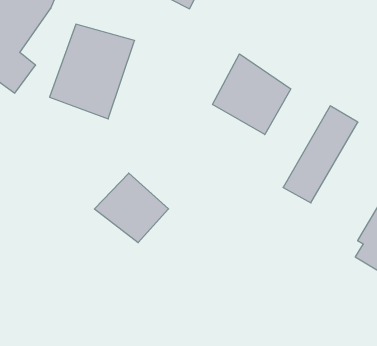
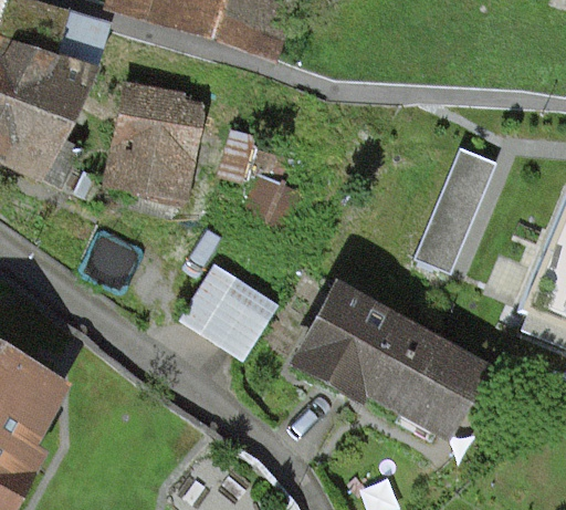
building: [213,54,291,135] -> none
building: none -> [297,292,479,431]

